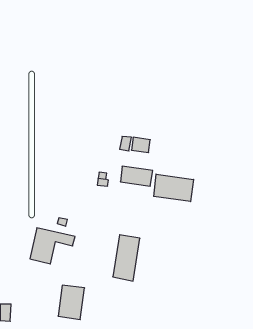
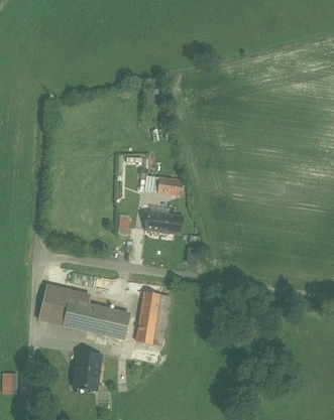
building: [154,174,194,202] -> none
building: none -> [62,298,129,338]

